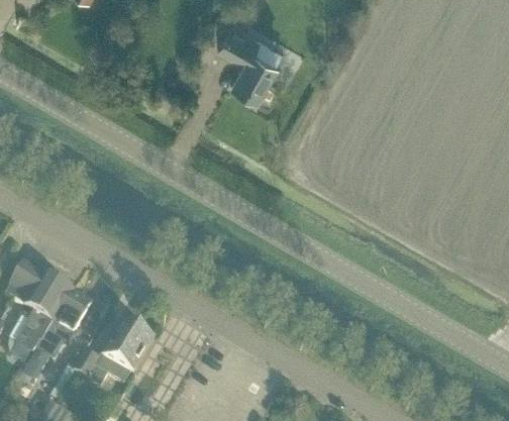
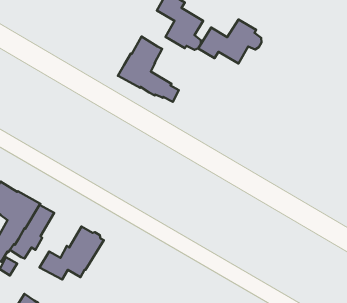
building: none -> [198,19,261,64]
building: none -> [118,37,179,102]

